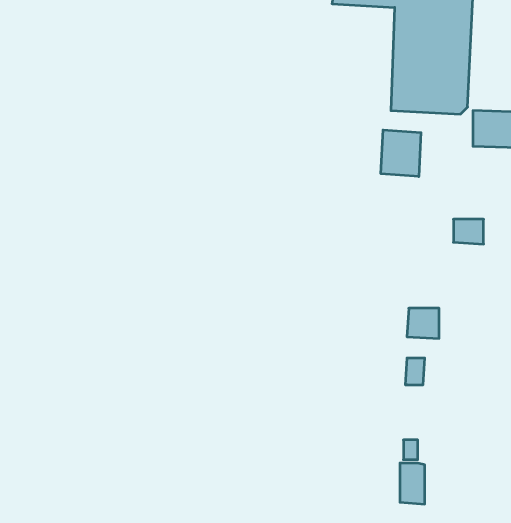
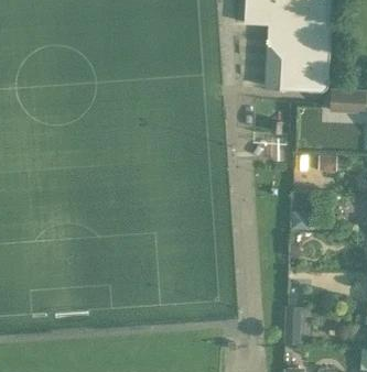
building: [381,130,421,177] -> none

